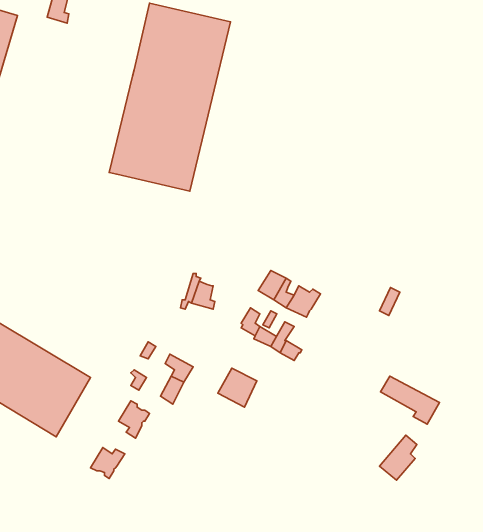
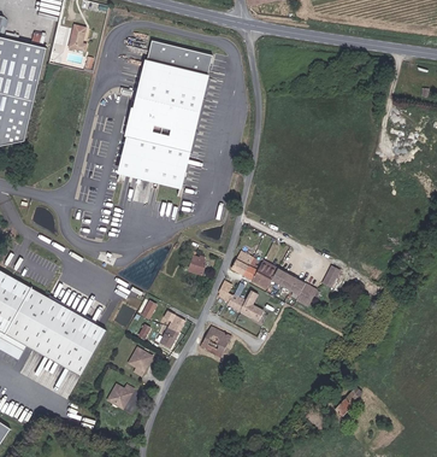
building: [381,376,440,424] -> [274,266,320,304]

